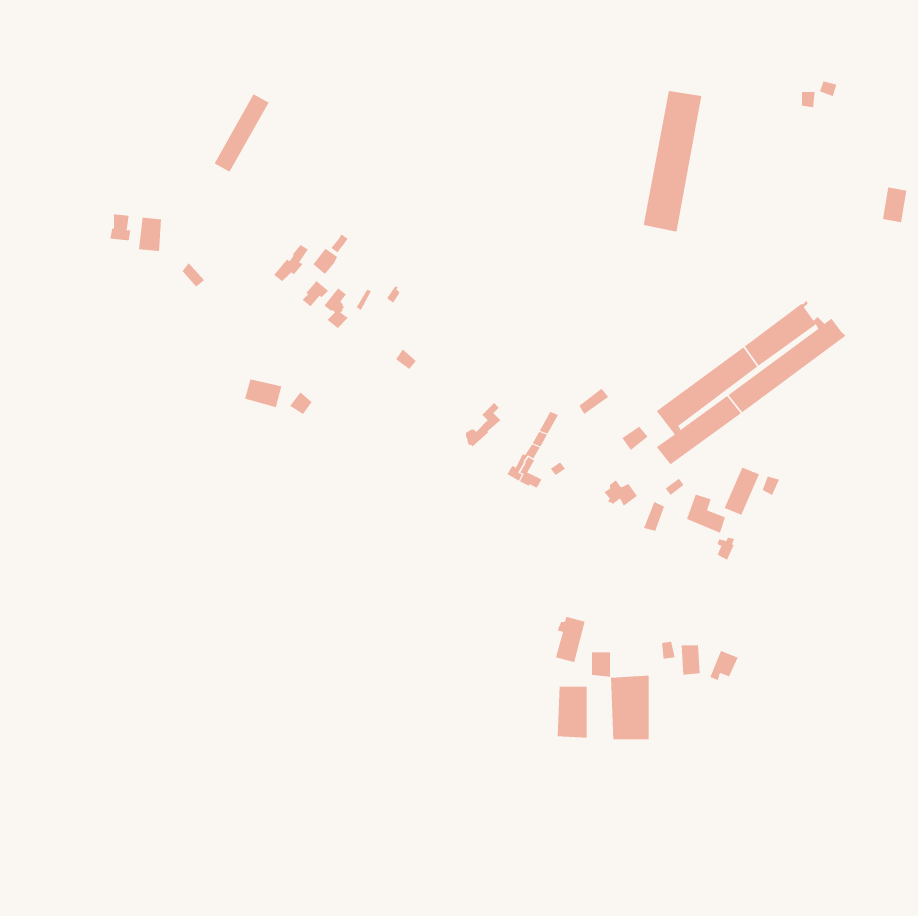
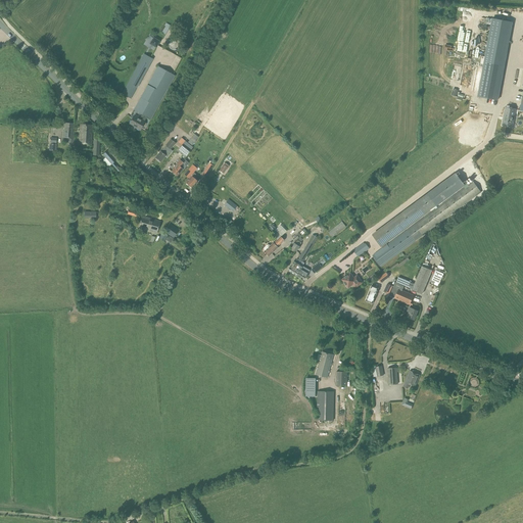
building: [643,90,702,232] -> [478,18,512,99]
building: none -> [130,65,175,130]
building: [610,675,649,740] -> none

